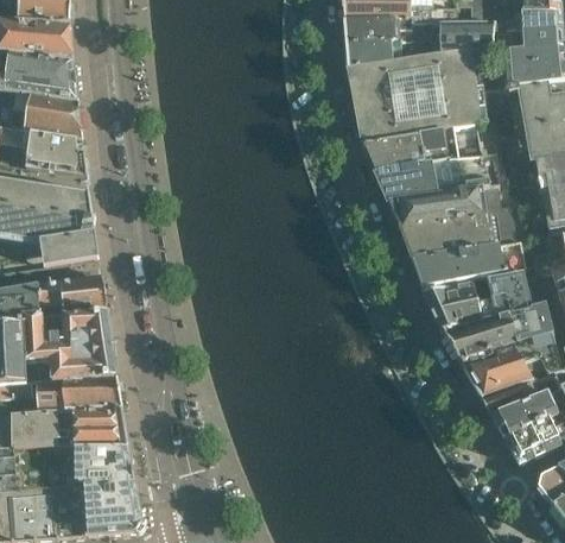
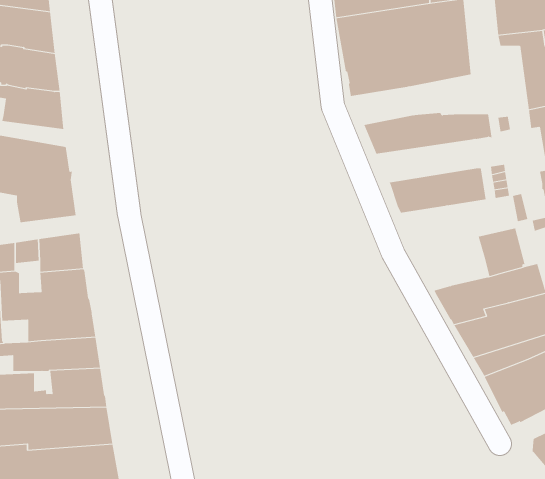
building: [362,120,483,169] -> none
building: [387,183,485,225] -> none
building: [410,241,507,285] -> none
building: [424,279,496,329] -> none

